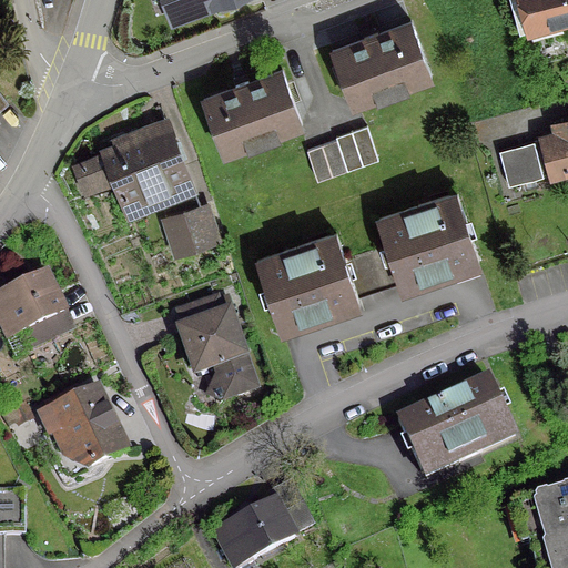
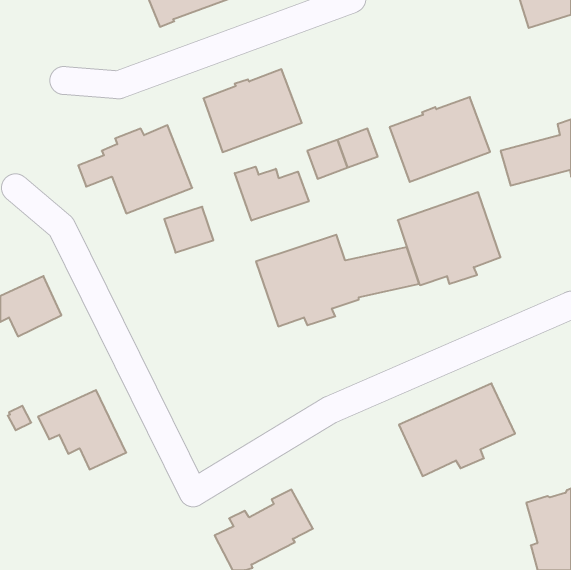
building: [329,20,429,104] -> [390,97,490,182]
building: none -> [235,167,309,221]
building: [179,297,253,399] -> none

